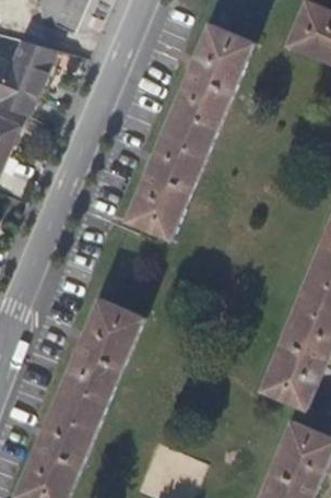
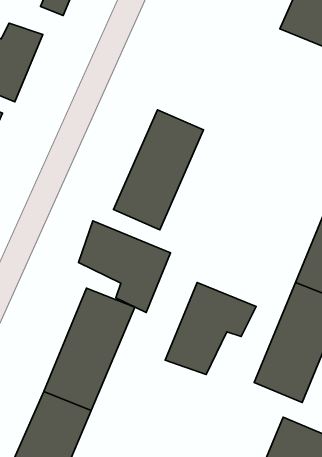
building: [167,23,255,143] -> none
building: none -> [78,221,170,313]
building: none -> [165,282,256,374]

